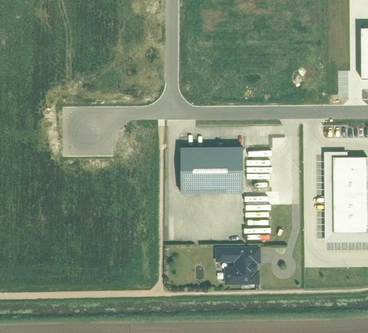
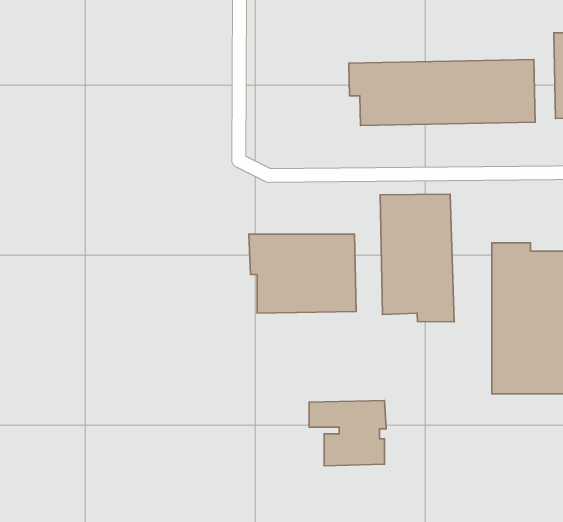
building: none -> [349,60,535,126]
building: none -> [380,194,454,322]

